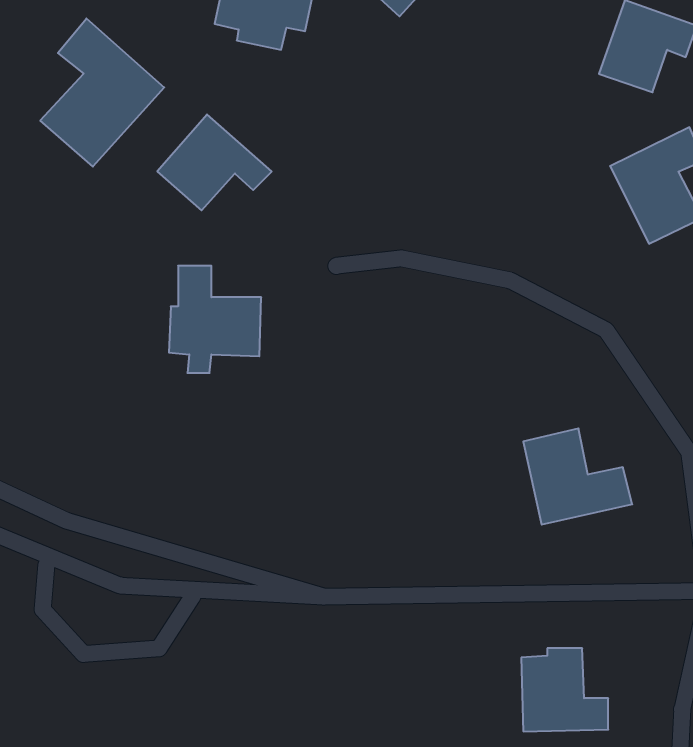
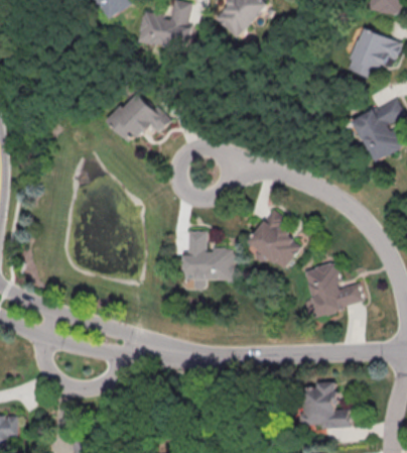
building: [40,18,164,167] -> none
building: [169,266,261,373] -> [183,231,234,290]
building: none -> [248,211,305,268]

